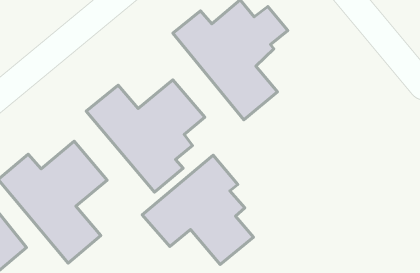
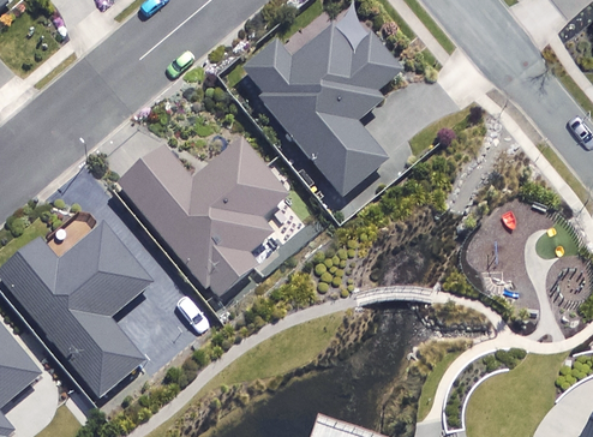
building: [142,155,253,264] -> none

